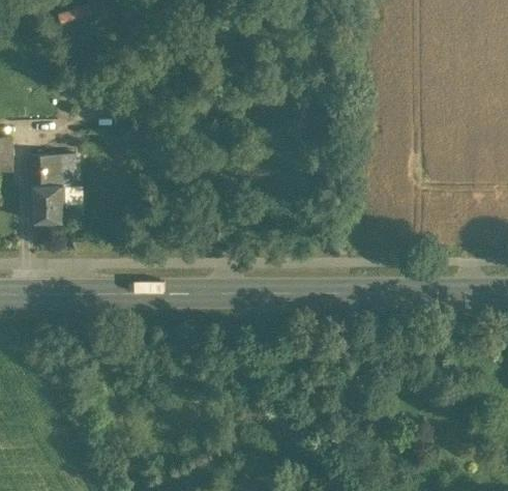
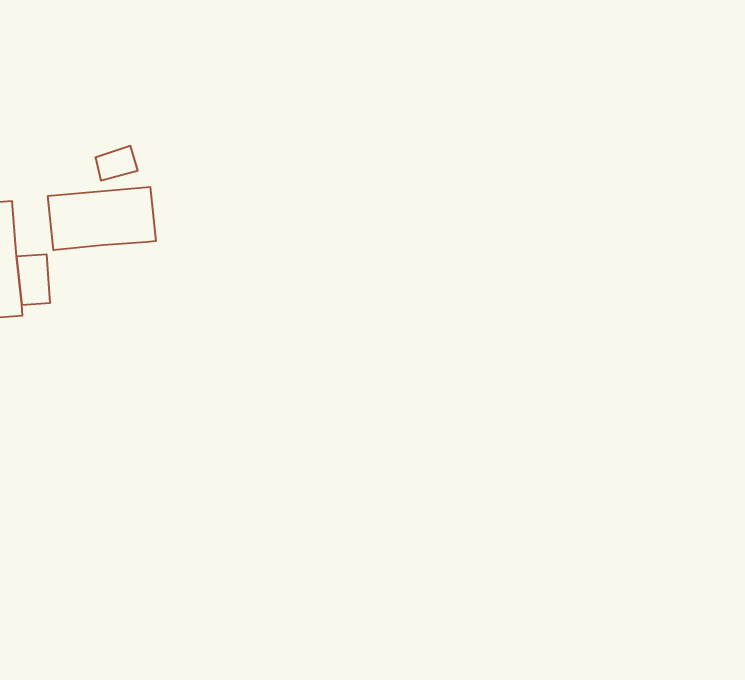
building: none -> [48,187,156,250]

